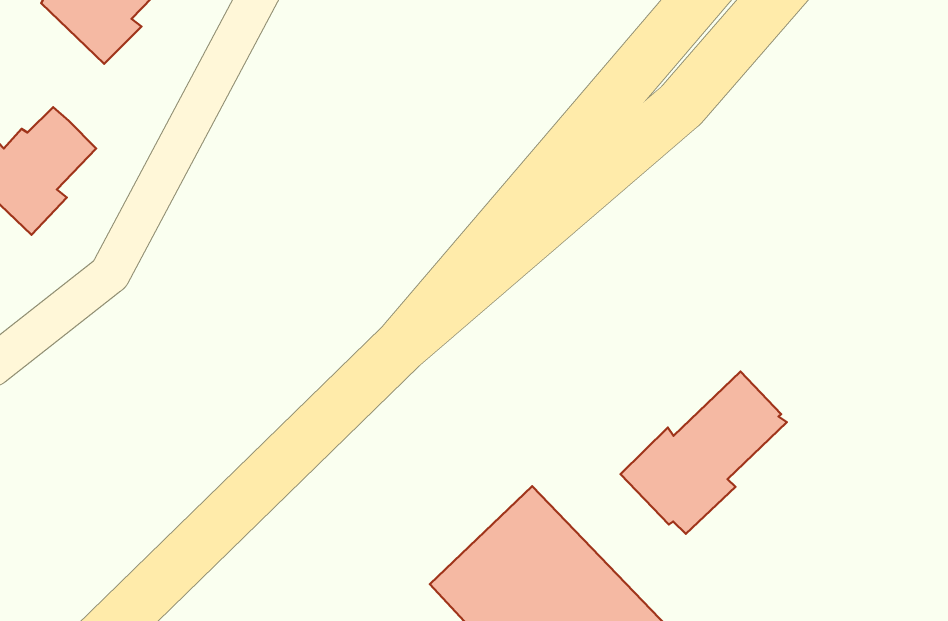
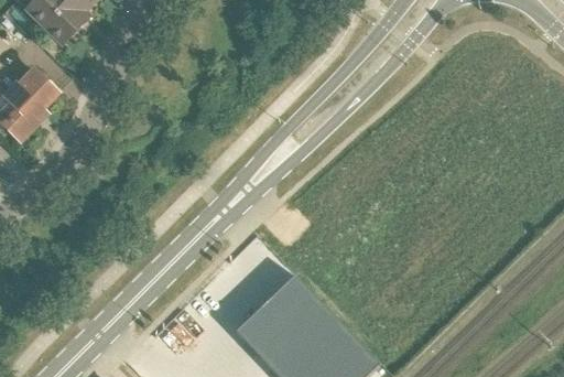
building: [620,372,787,534] -> none

